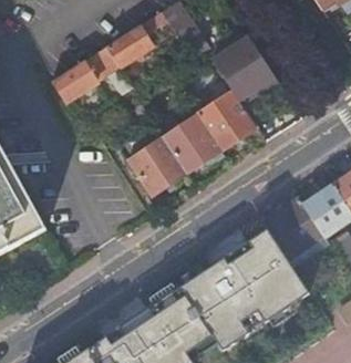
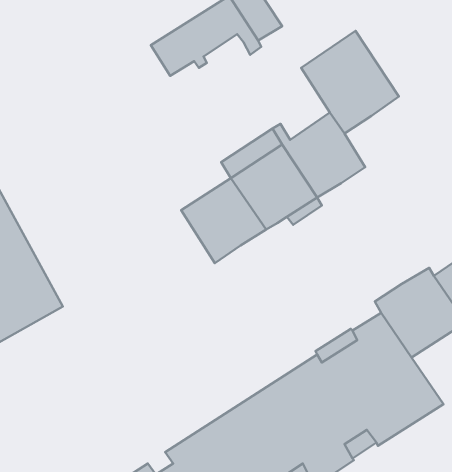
building: [53,45,140,103] -> none

